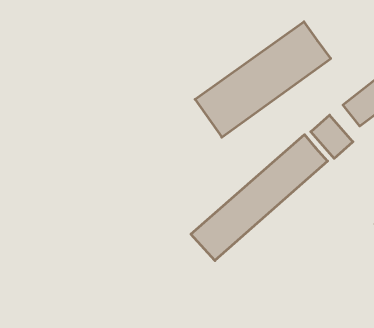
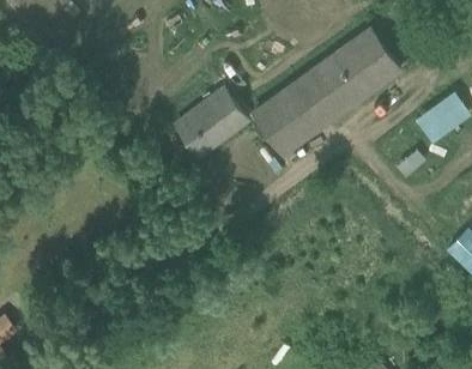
building: none -> [175,89,248,157]
building: [191,135,328,261] -> none

